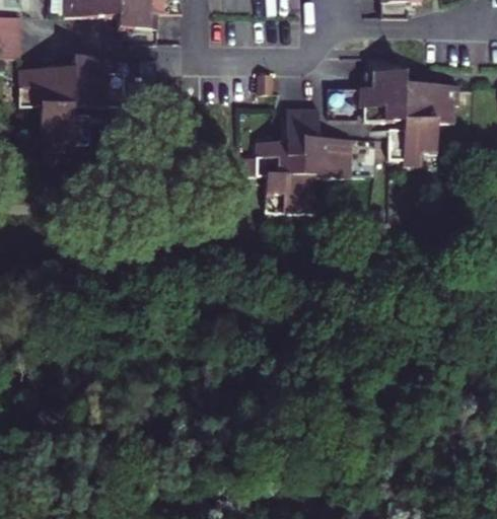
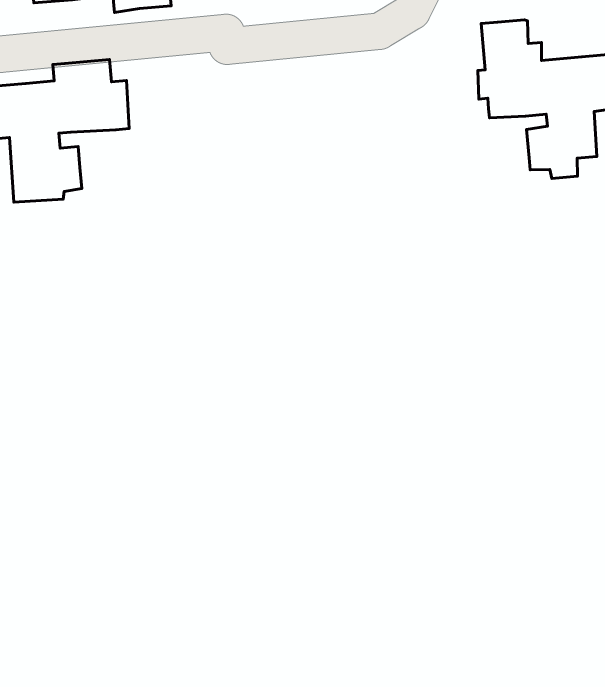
building: [258,108,351,210] -> none

